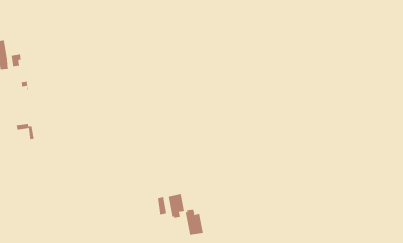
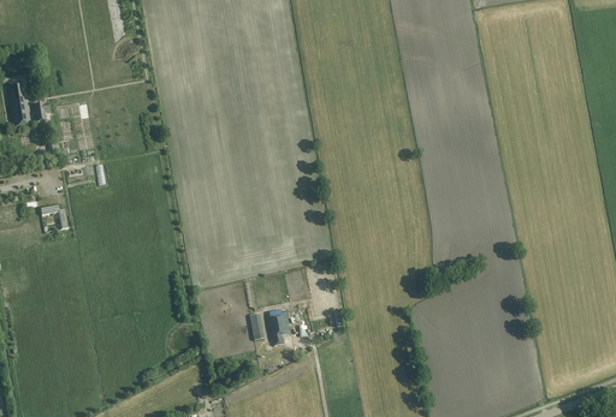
building: [185,209,204,235] -> none

